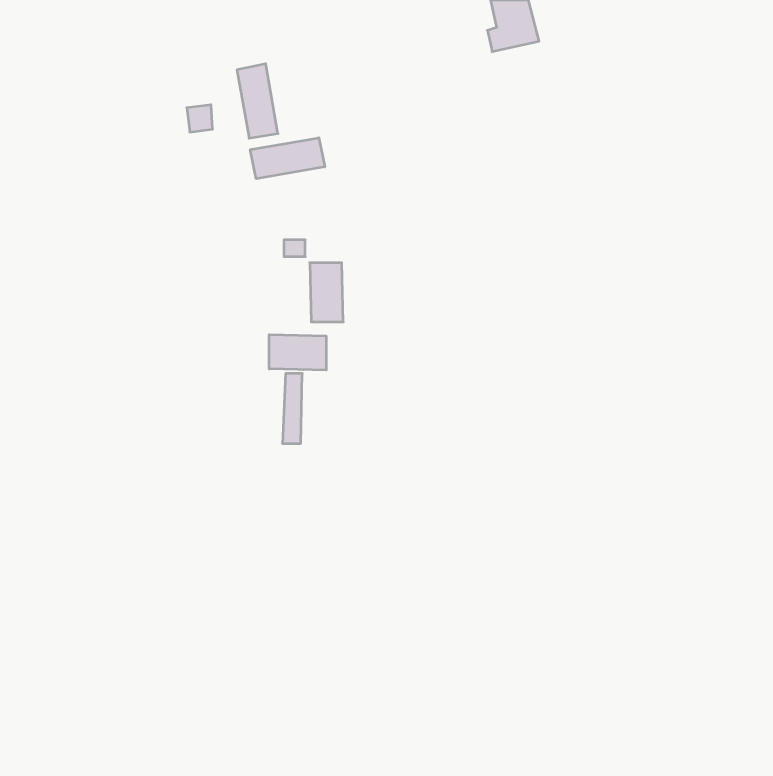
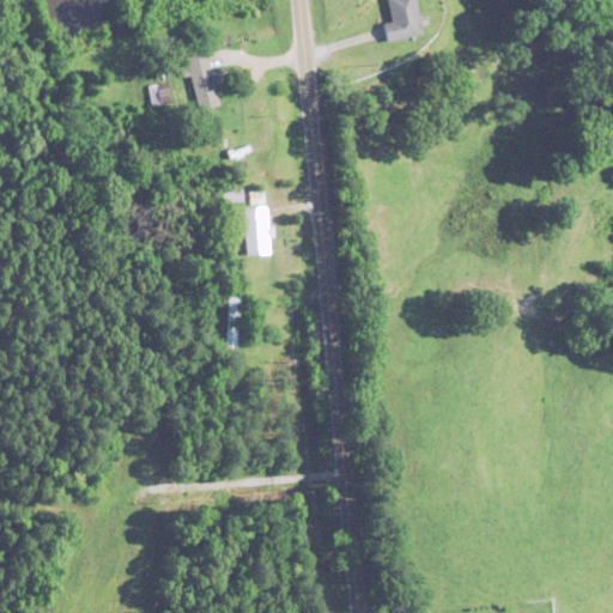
building: [250,138,325,179] -> none
building: [269,335,326,370] -> none

